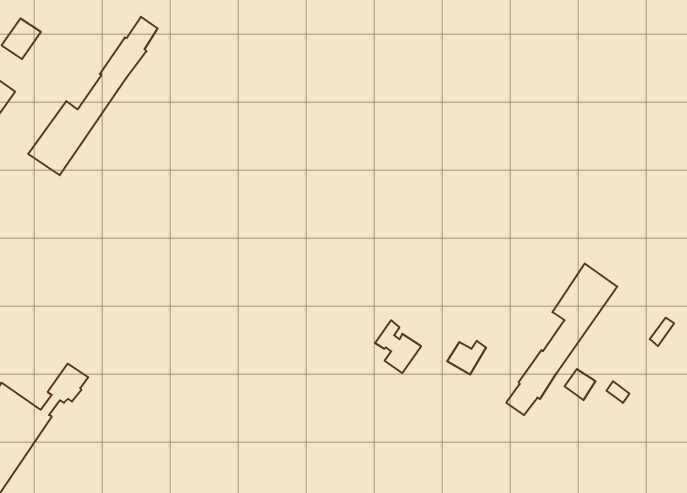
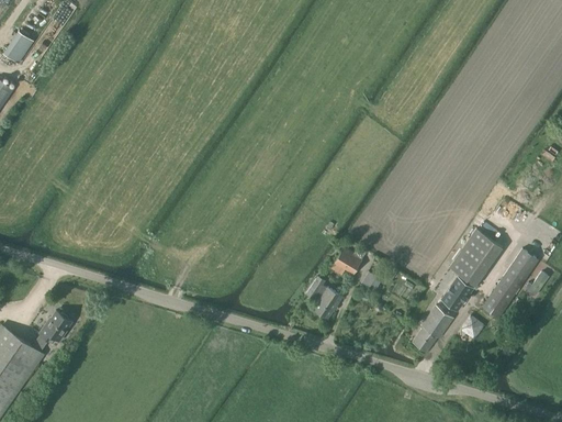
building: [28,17,158,175] -> none
building: none -> [482,249,538,318]
building: [447,341,486,375] -> [334,247,366,275]

